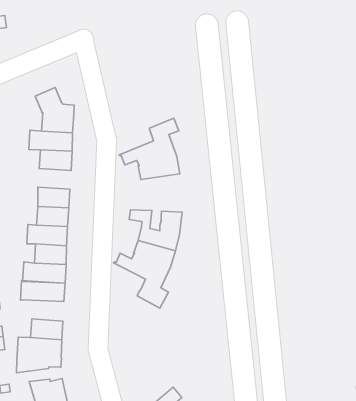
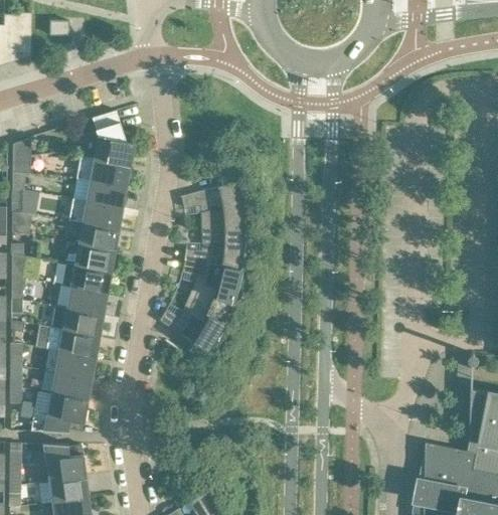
building: none -> [70,199,122,229]
building: none -> [184,227,245,272]
building: none -> [45,349,95,379]

